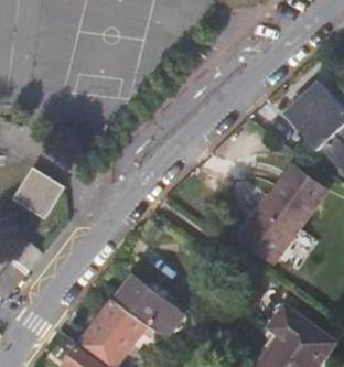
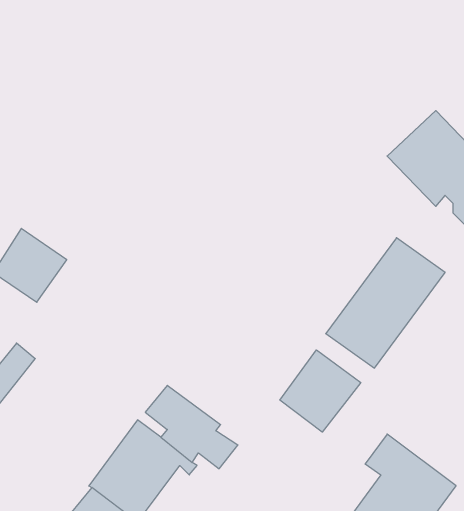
building: none -> [280,350,361,432]

